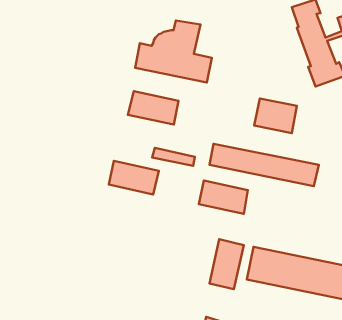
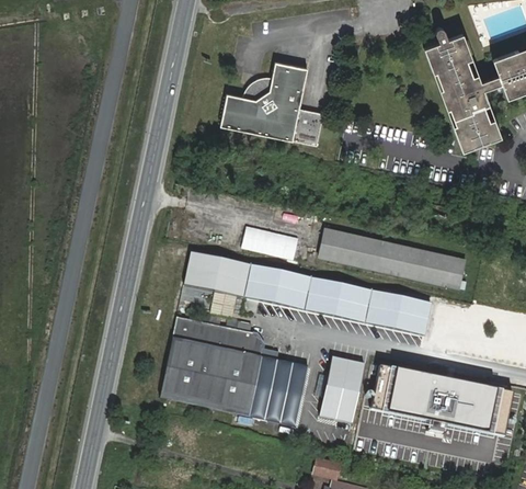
building: [128,91,179,125] -> [244,264,312,309]
building: [254,98,297,133] -> none
building: none -> [366,291,430,334]
building: none -> [160,318,308,428]

